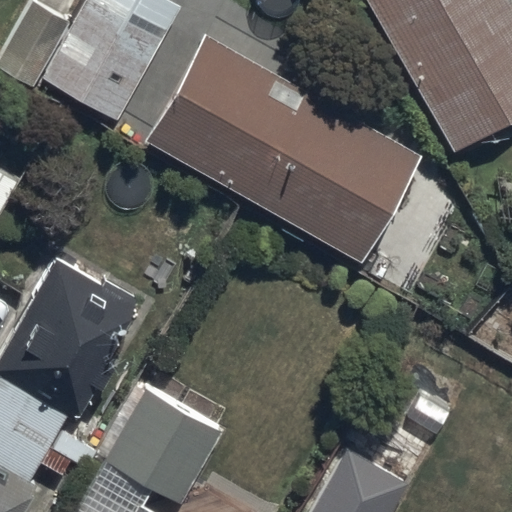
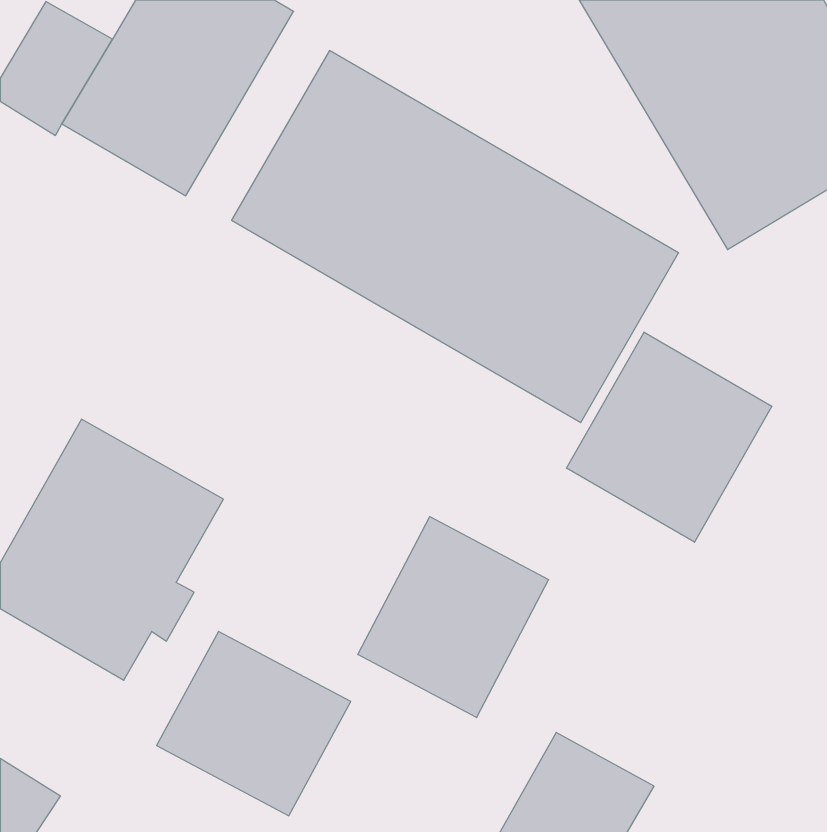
building: none -> [567,332,772,542]
building: none -> [358,517,549,718]

